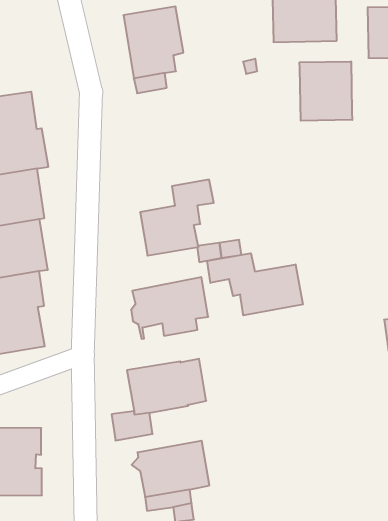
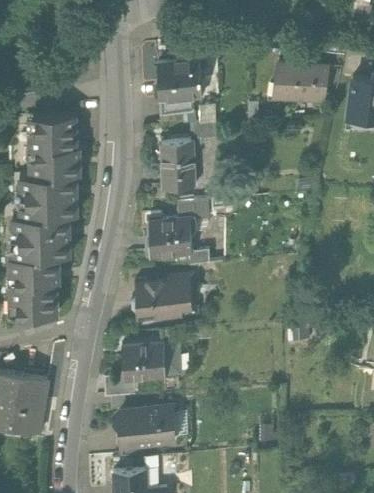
building: [300,61,352,121] -> none
building: none -> [160,141,195,188]
building: [207,253,303,315] -> none

